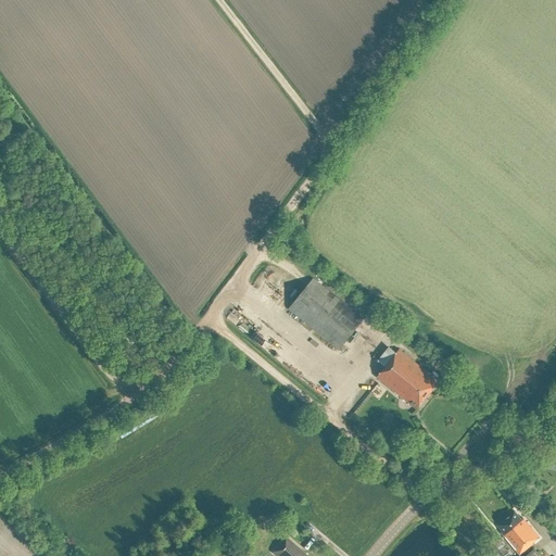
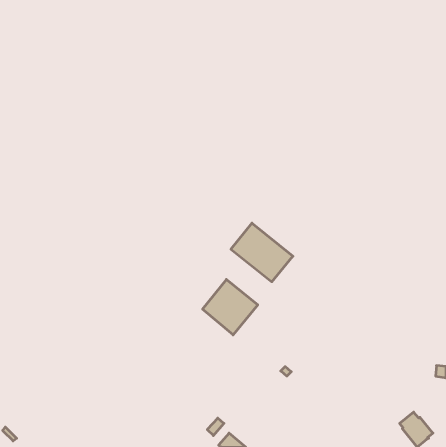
building: none -> [203,279,258,335]
building: [376,350,438,409] -> none

